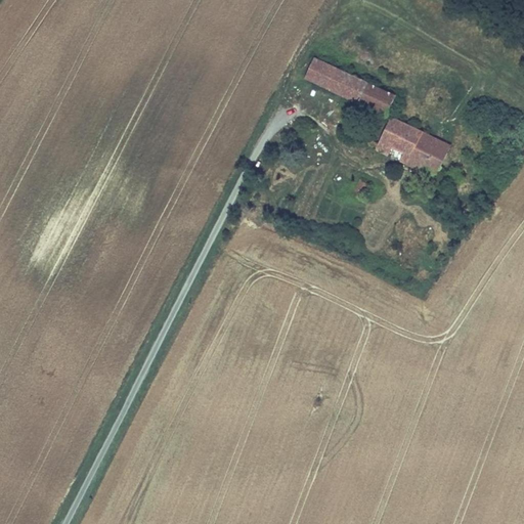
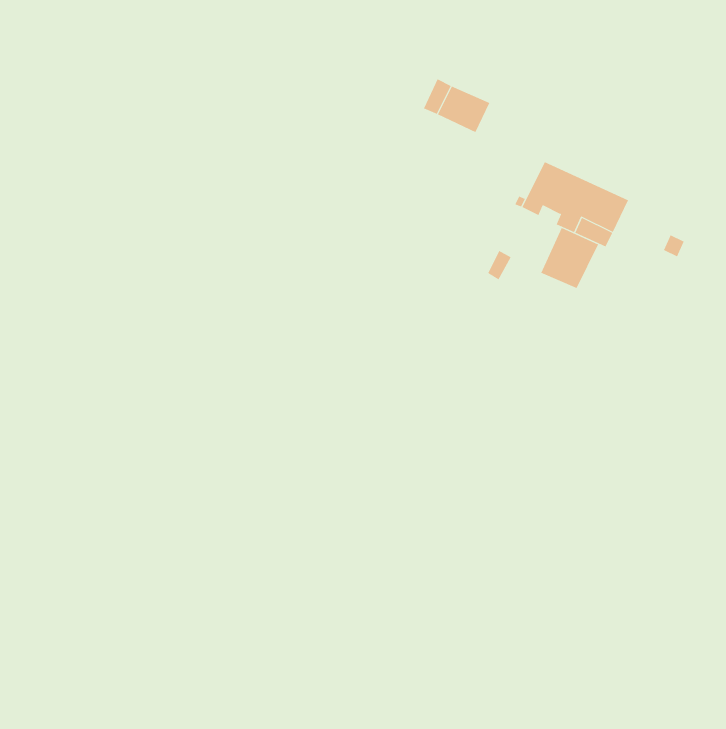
building: [341,74,395,116] -> none
building: none -> [541,227,599,289]

